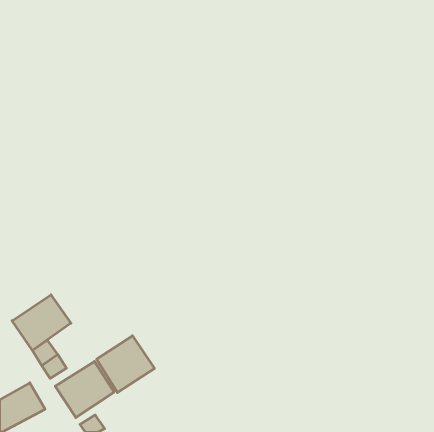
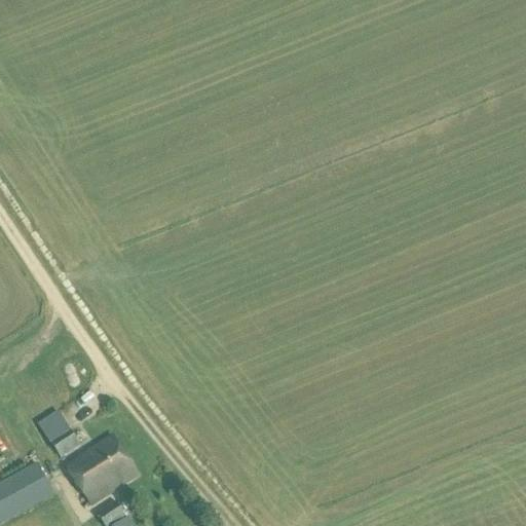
building: [12,295,71,350] -> none
building: [97,336,154,393] -> none

